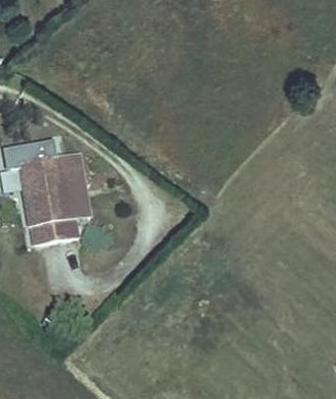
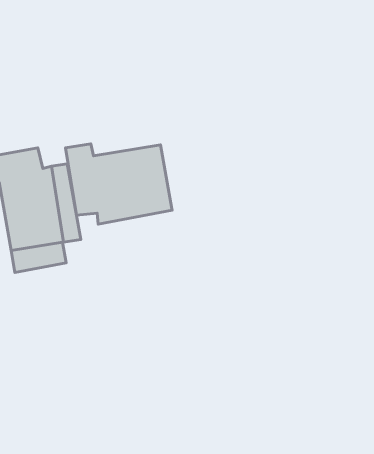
building: none -> [66,144,172,224]

